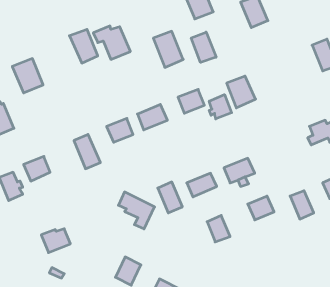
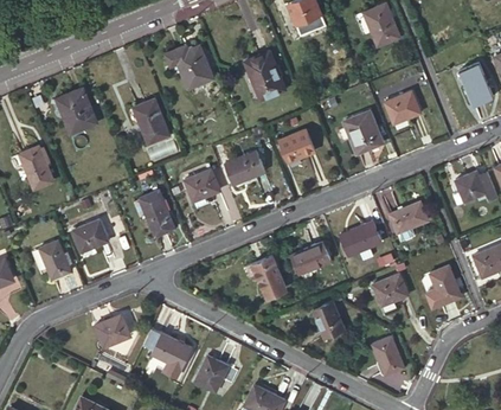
building: [69,29,98,63] -> [131,100,169,145]
building: [191,32,216,62] -> none
building: none -> [385,91,419,123]
building: [209,95,232,119] -> none
building: none -> [390,201,428,232]
building: [118,192,155,229] -> [142,327,191,377]
building: none -> [375,333,404,372]

